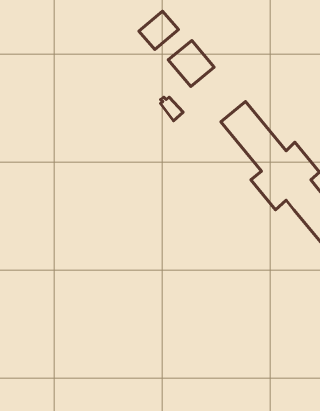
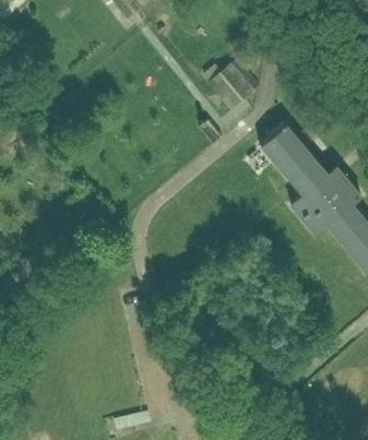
building: [139,11,178,49] -> none

